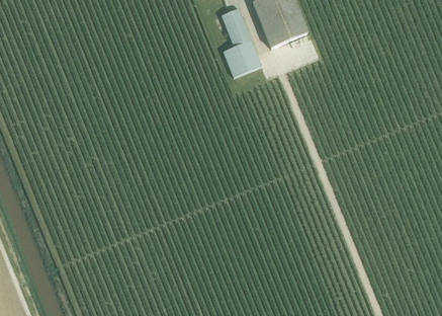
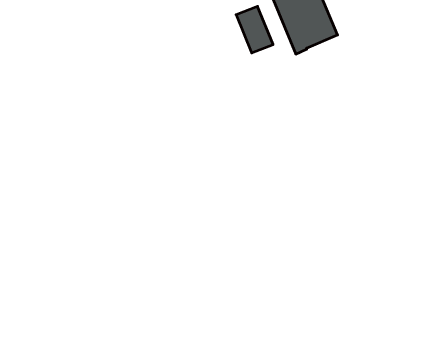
building: [224,41,262,77] -> none

